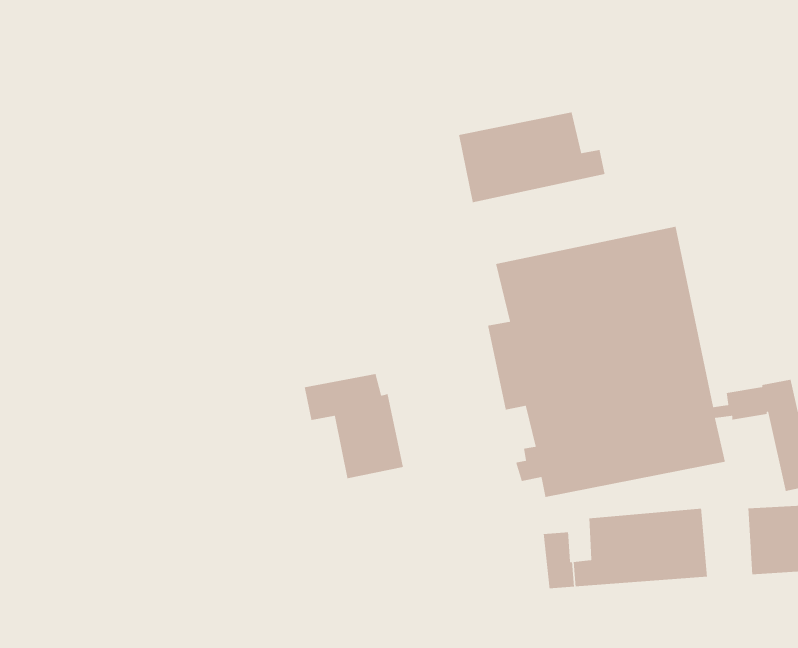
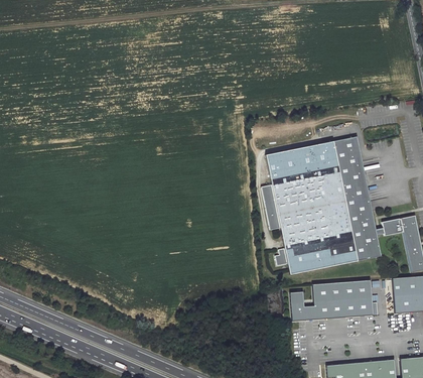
building: [458,112,605,203] -> none
building: [304,373,404,479] -> none

